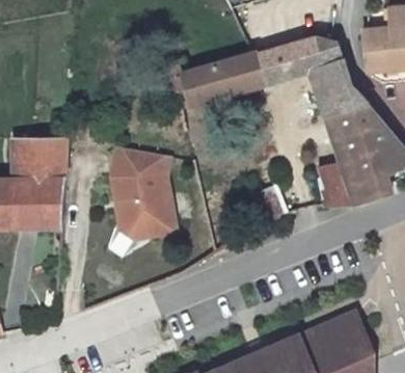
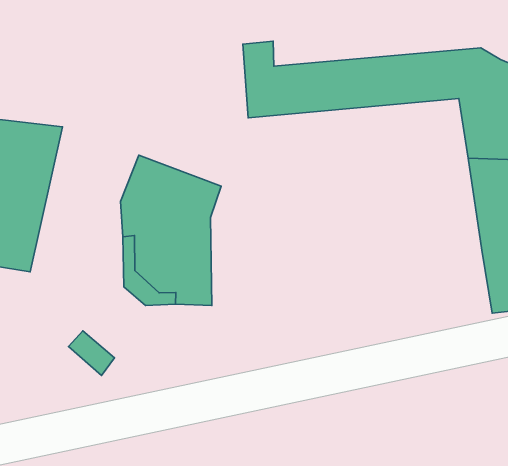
building: [316,165,354,205] -> none

